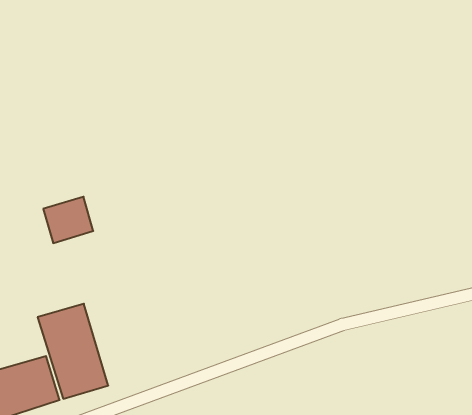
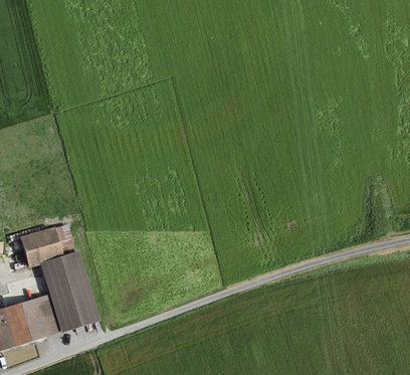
building: [43,197,93,243] -> [21,226,62,264]

